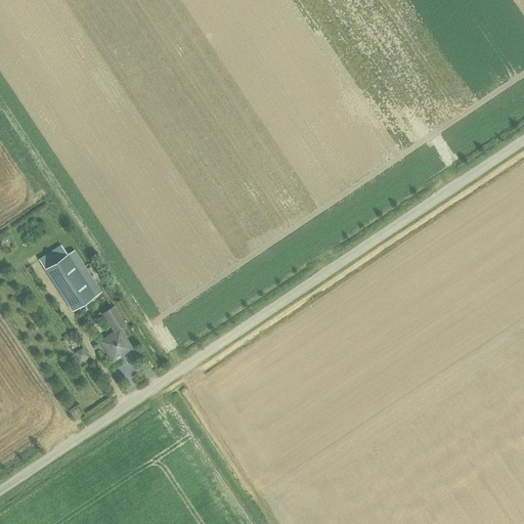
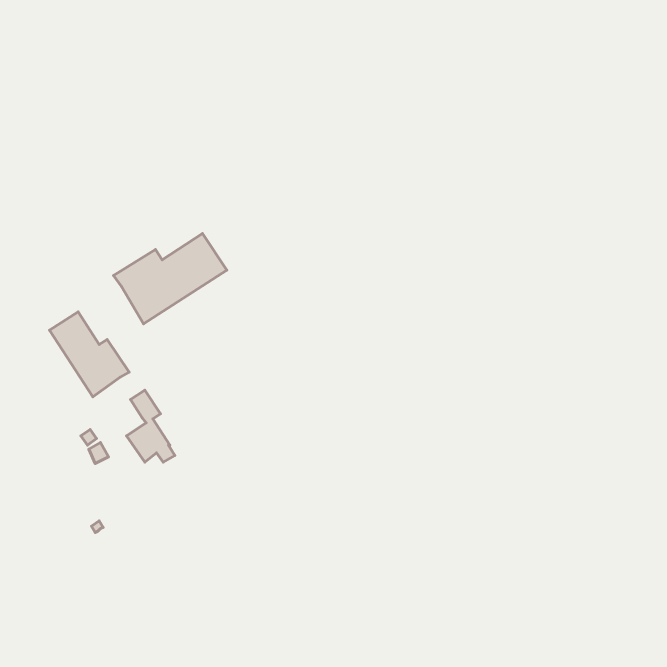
building: none -> [114,233,227,324]

